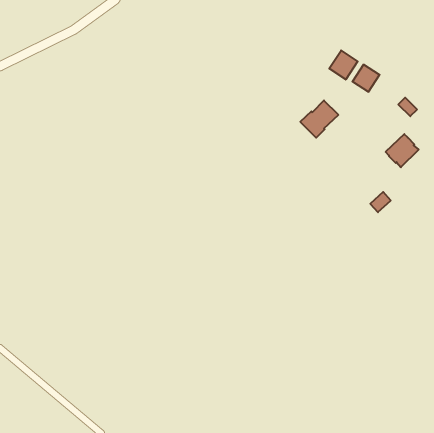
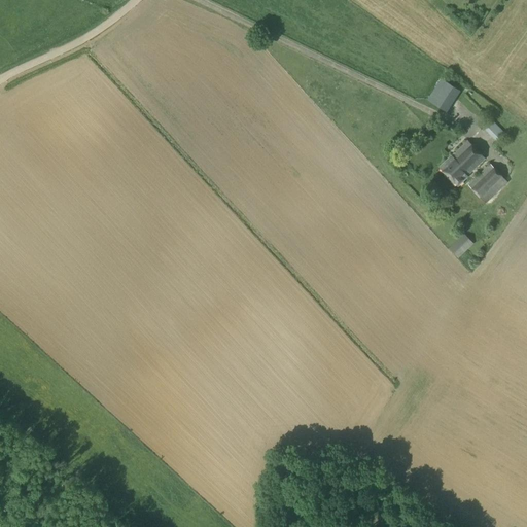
building: [329,50,358,80] -> none
building: [300,100,338,138] -> [438,141,485,186]

